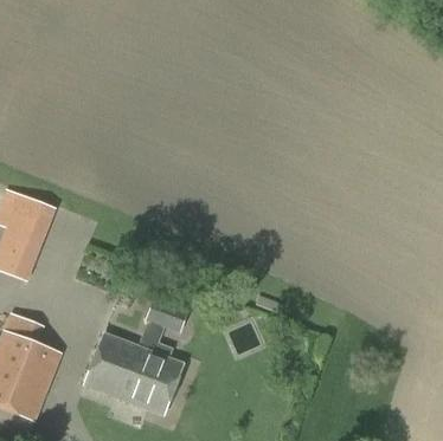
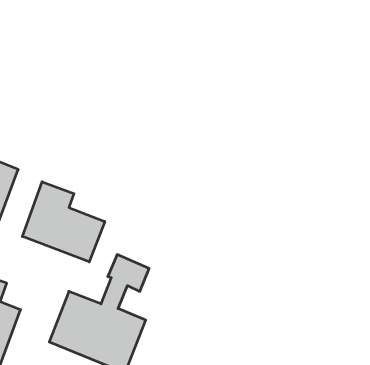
building: none -> [22,182,105,262]

